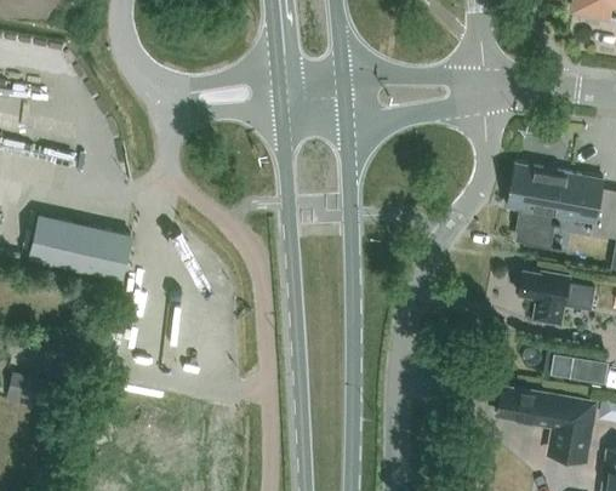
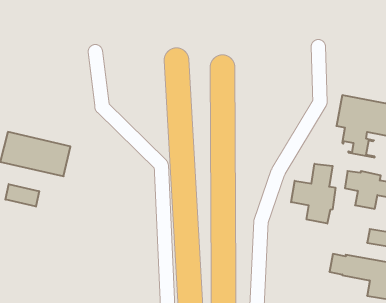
building: none -> [291,164,335,224]
building: none -> [5,184,39,207]

